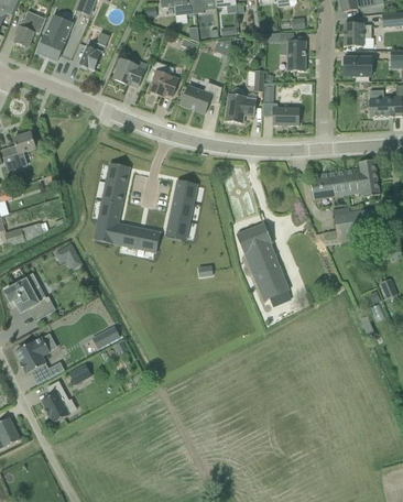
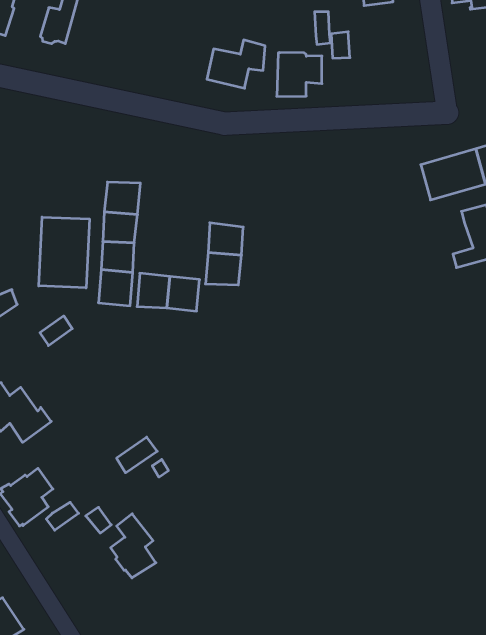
building: [113,58,146,87] -> none
building: [146,61,178,97] -> none
building: [272,107,299,126] -> none
building: [172,177,197,201] -> none
building: none -> [39,217,89,288]
building: [237,222,288,299] -> none
building: [42,381,69,422] -> [111,514,156,578]

